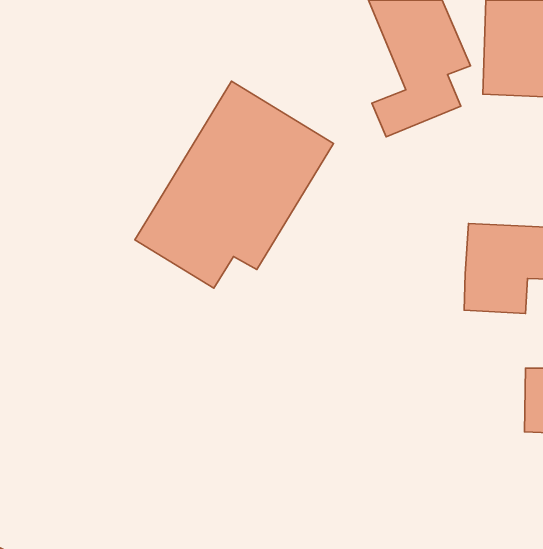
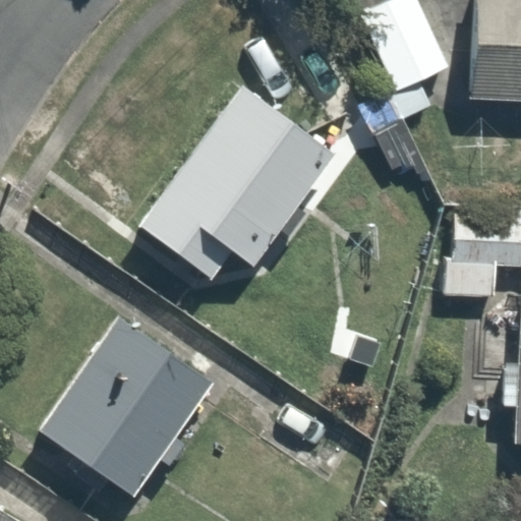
building: none -> [40,319,202,495]

